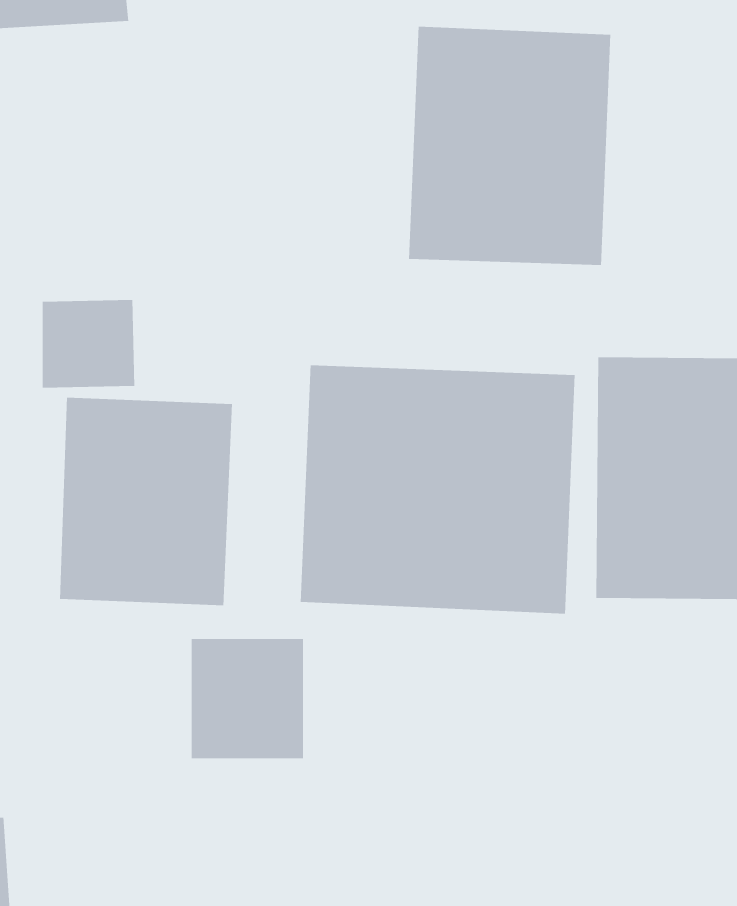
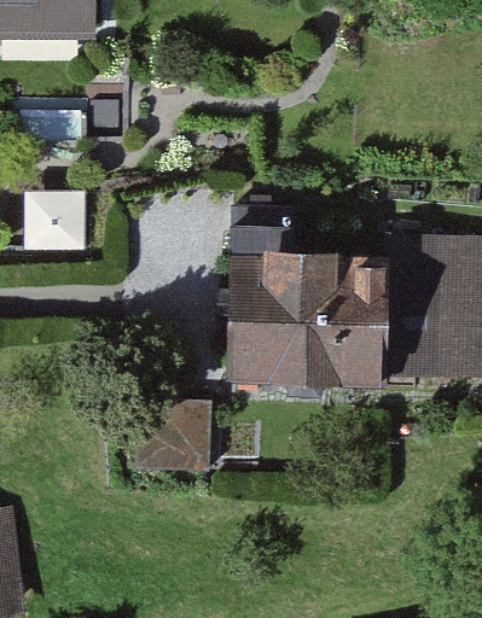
building: [408,26,611,266] -> none
building: [59,397,233,606] -> none

